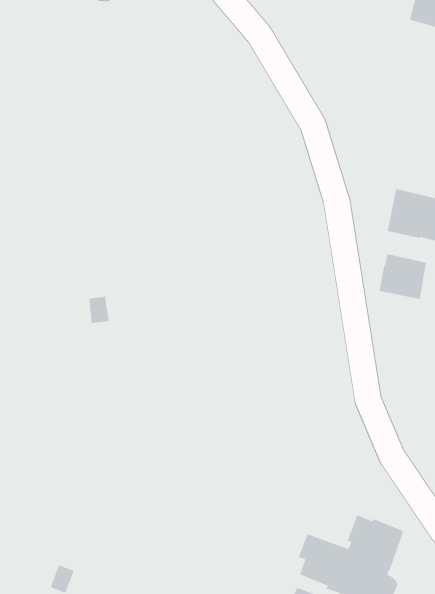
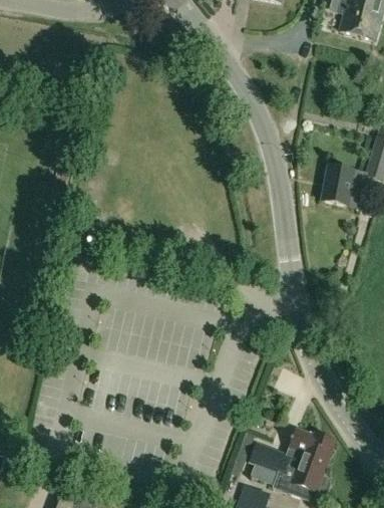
building: [379,253,426,300] -> none

